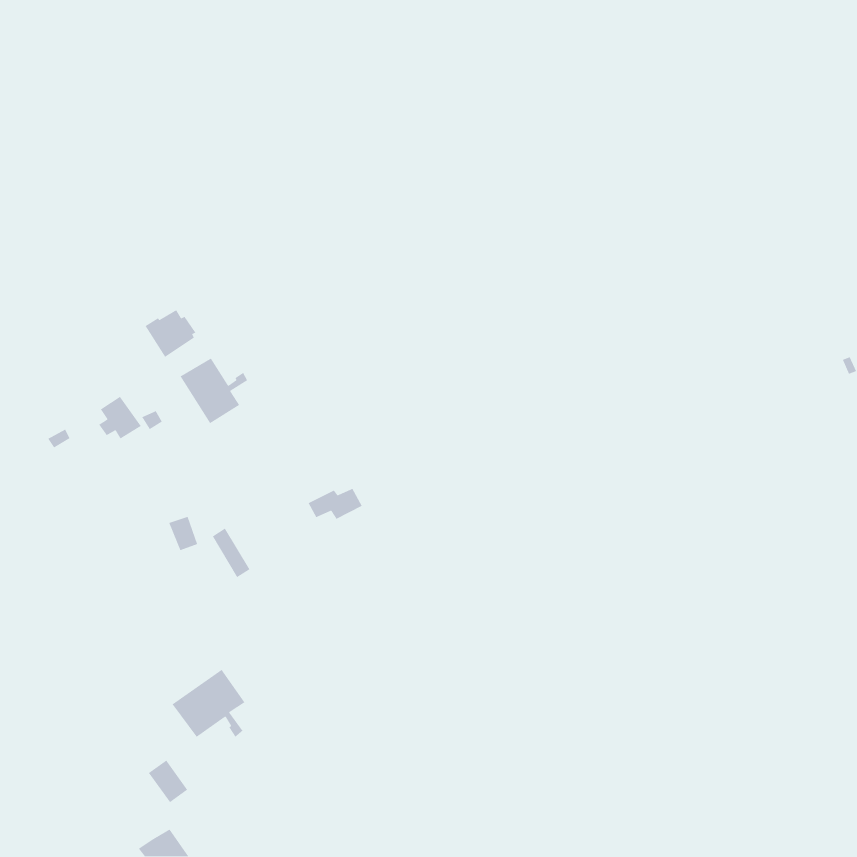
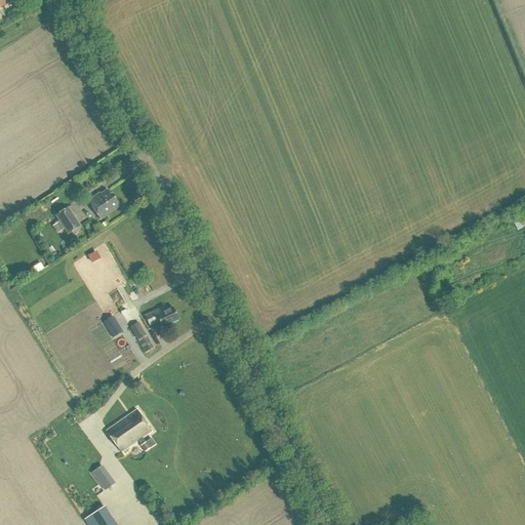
building: [179,358,248,424] -> none
building: [98,396,142,439] -> [55,206,82,233]
building: [307,488,363,520] -> [145,307,178,326]

